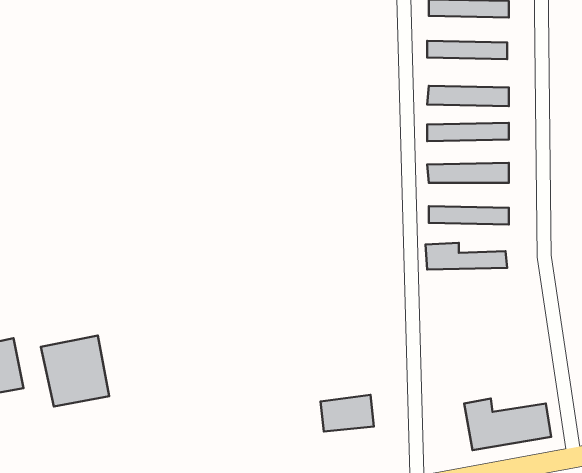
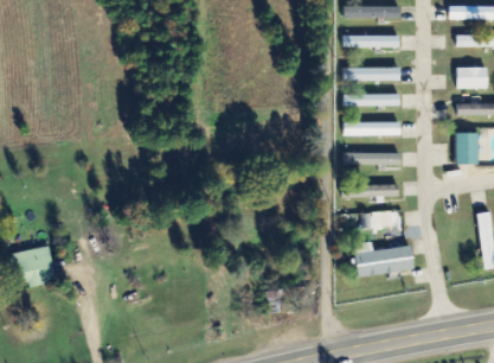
building: none -> [360,210,403,229]
building: [41,335,109,407] -> none
building: [464,398,551,450] -> [353,241,415,278]

